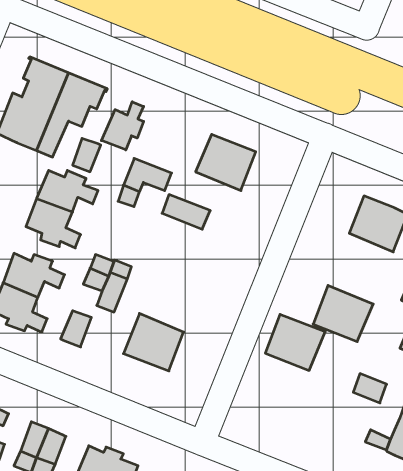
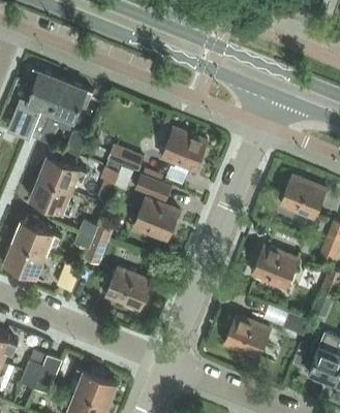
building: [101,102,144,150] -> none
building: none -> [132,198,179,242]
building: [265,314,325,370] -> [223,316,270,359]

